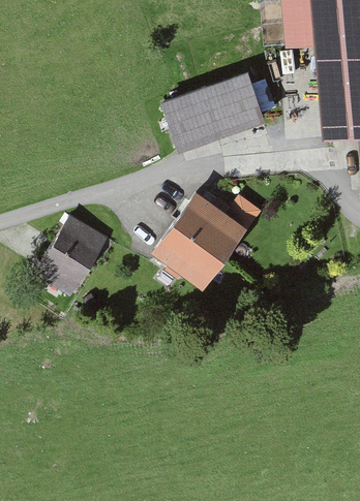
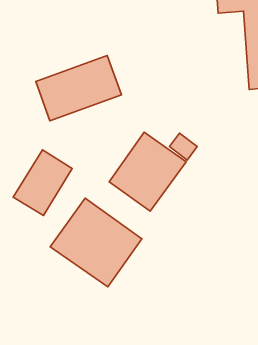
building: [159,72,265,153] -> [36,55,121,121]
building: none -> [50,198,142,287]

